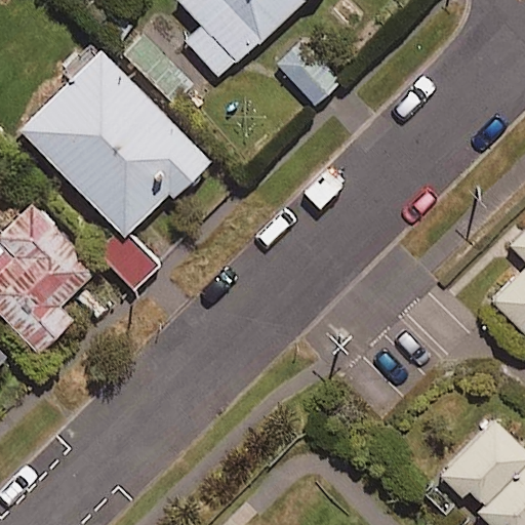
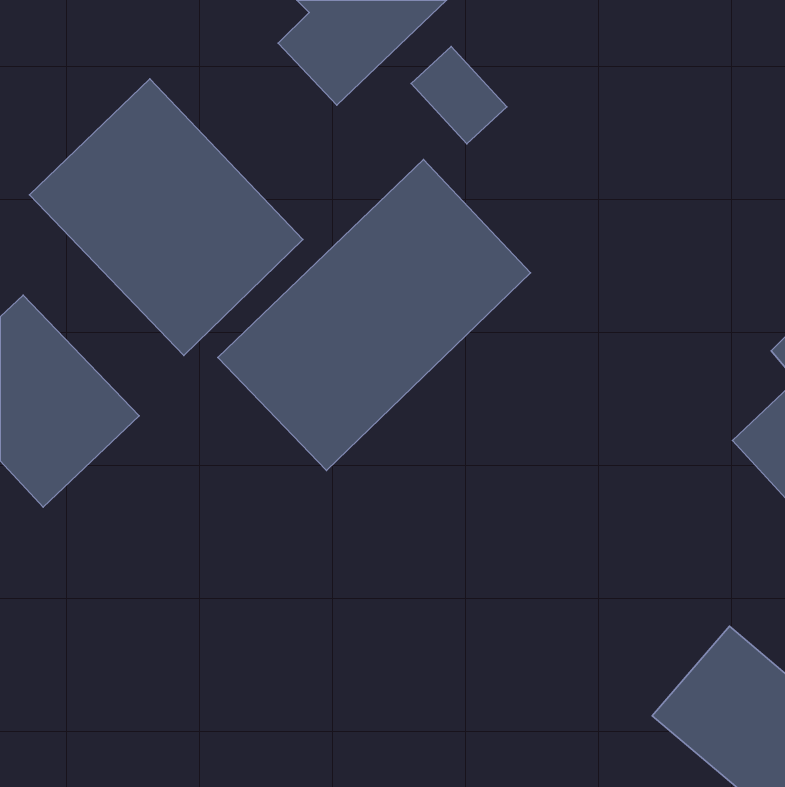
building: none -> [218,160,530,470]

